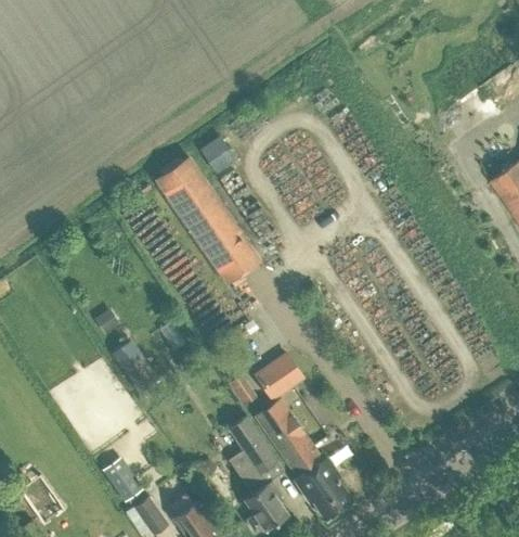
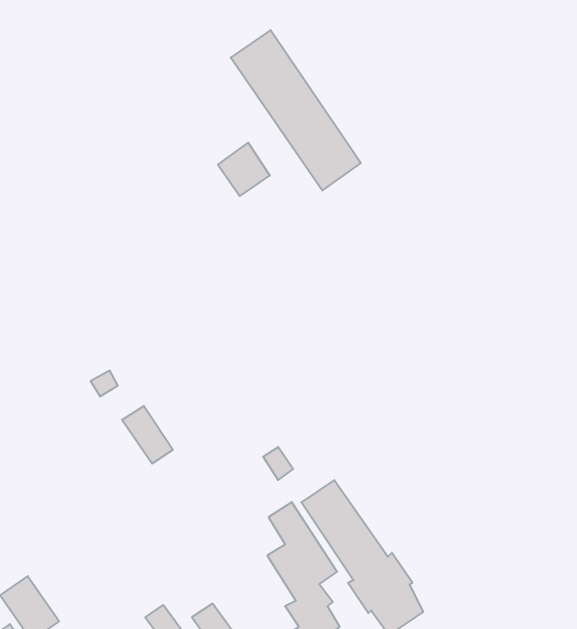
building: [156,159,259,286] -> [231,30,361,191]
building: [255,350,304,399] -> none
building: [100,462,137,503] -> none

